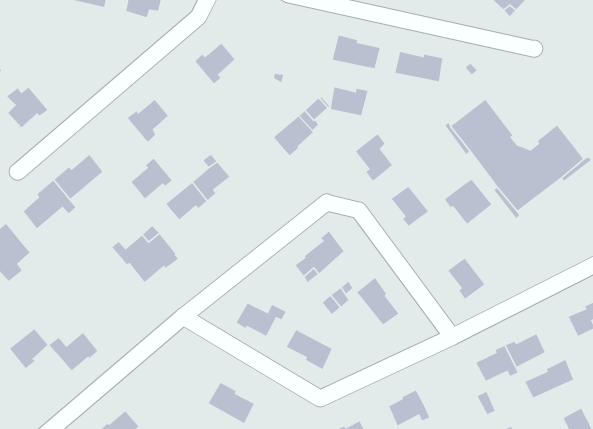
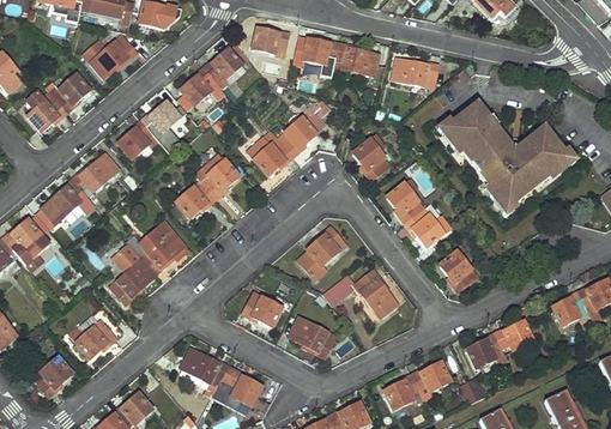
building: none -> [250,28,286,55]
building: none -> [91,35,135,77]
building: none -> [181,67,222,107]
building: none -> [49,74,87,113]
building: [330,87,368,116] -> [302,38,338,66]
building: none -> [247,132,292,174]
building: [131,157,173,200] -> [119,120,158,159]
building: [444,179,492,225] -> [404,203,449,246]
building: none -> [108,242,158,306]
building: [9,328,48,369] -> [32,357,69,395]
building: [524,359,574,399] -> none
building: none -> [182,349,228,397]
building: none -> [411,363,448,389]

